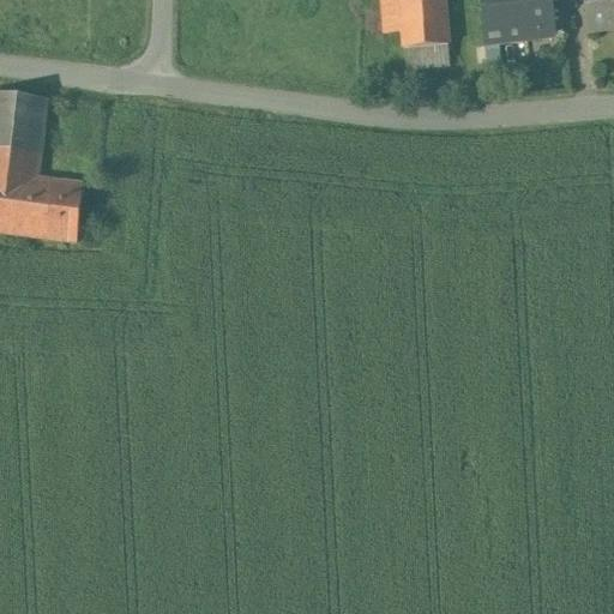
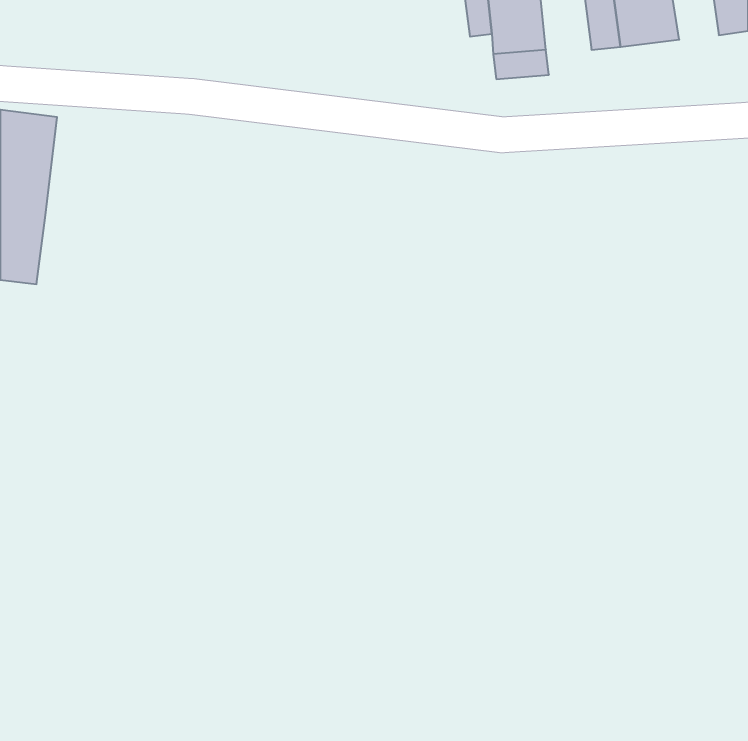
building: [30,176,83,239] -> none

